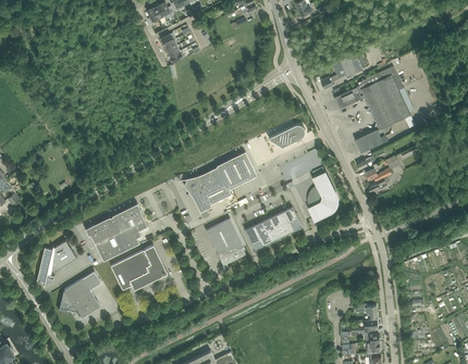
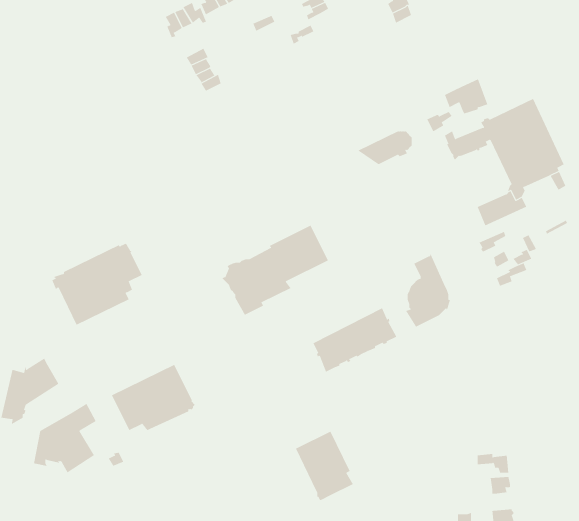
building: [269,125,306,148] -> [357,131,413,165]
building: [87,204,148,260] -> [52,243,143,325]
building: [207,218,246,265] -> [295,431,354,500]

